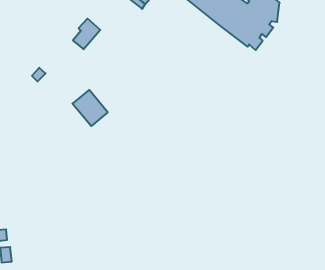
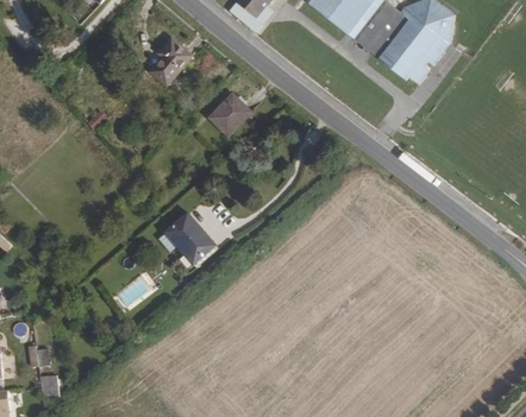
building: none -> [209,94,249,135]
building: [72,90,108,126] -> [162,213,214,266]

